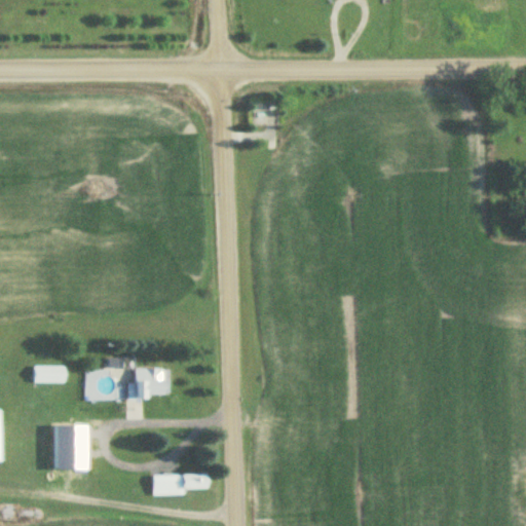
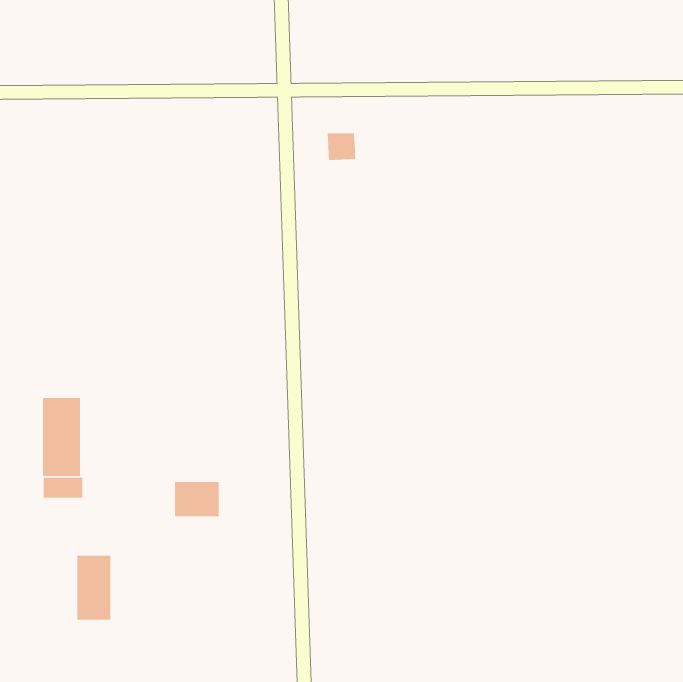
building: none -> [42,397,81,477]
building: [152,475,208,494] -> none

